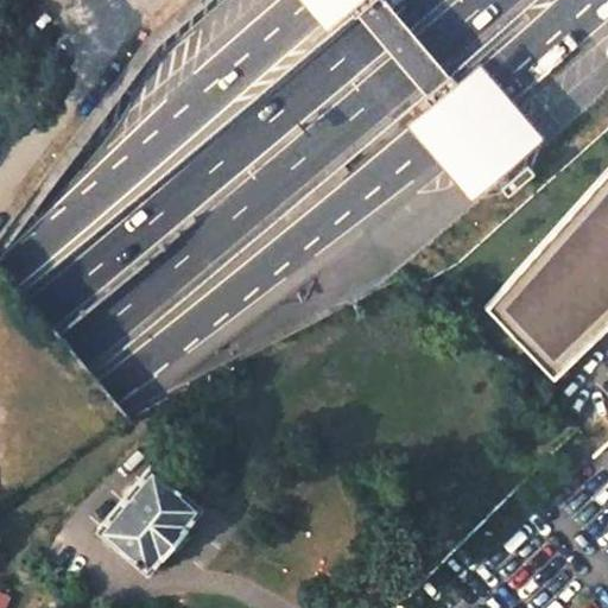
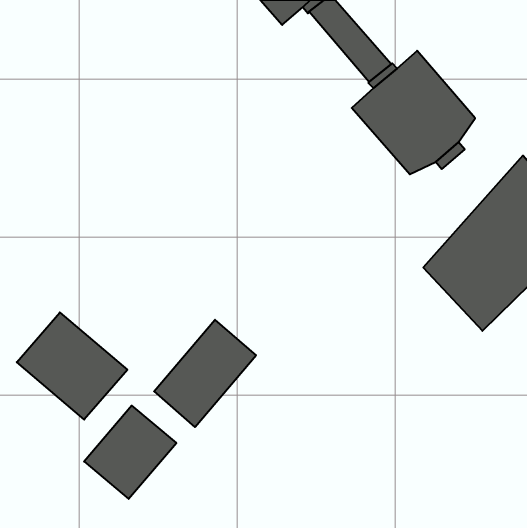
building: none -> [17,312,127,420]
building: none -> [154,320,256,427]

